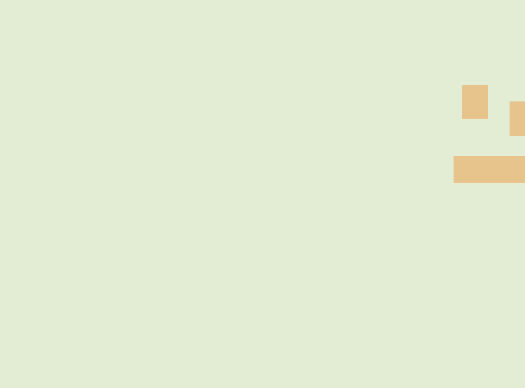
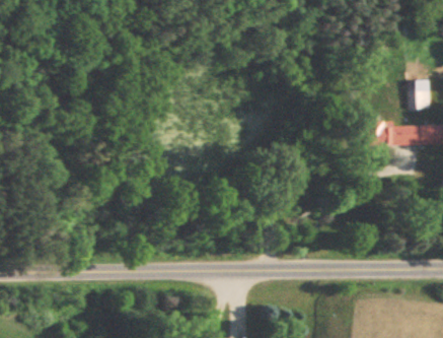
building: [461,84,489,120] -> none

